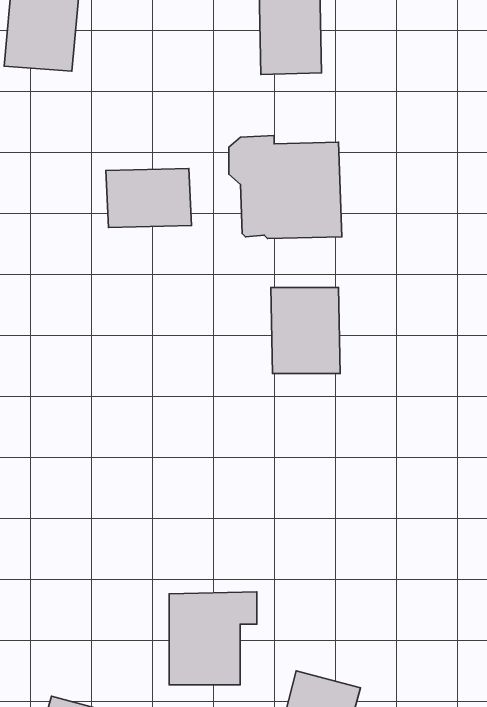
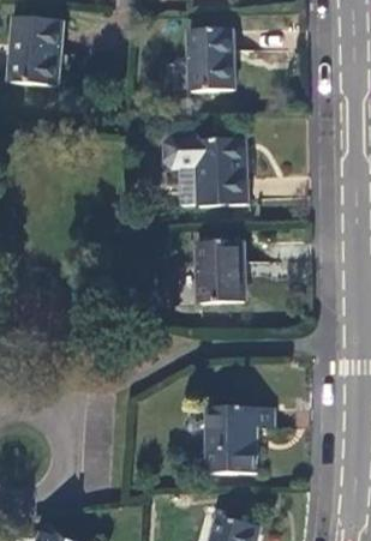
building: [106,168,191,227] -> none
building: [169,592,257,685] -> [208,405,270,471]

